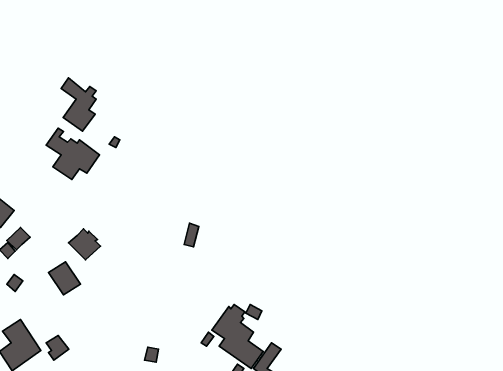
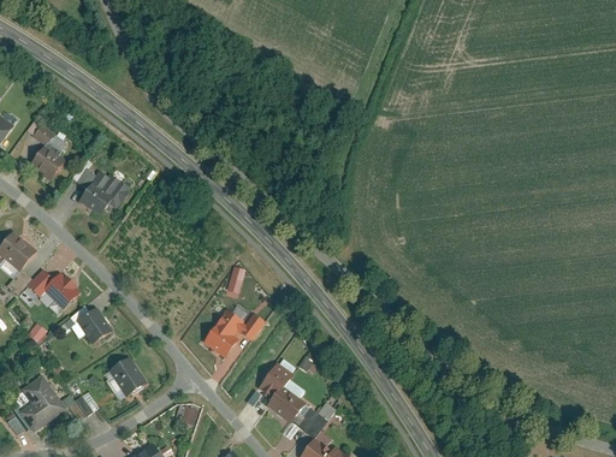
building: [61,78,96,131] -> [26,119,66,179]
building: [69,229,101,260] -> [43,274,79,309]
building: none -> [202,308,265,356]
building: none -> [109,357,148,397]

